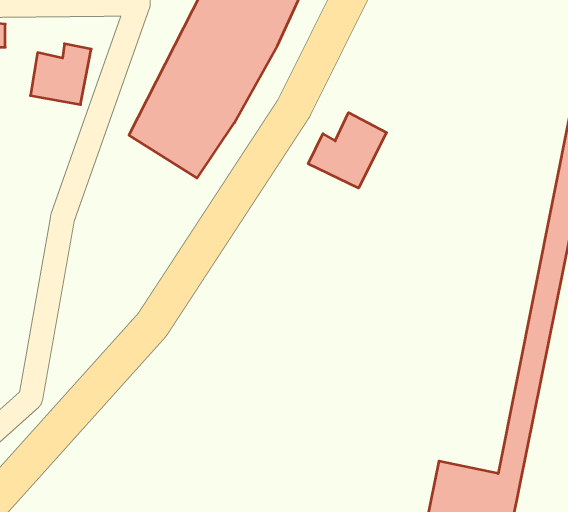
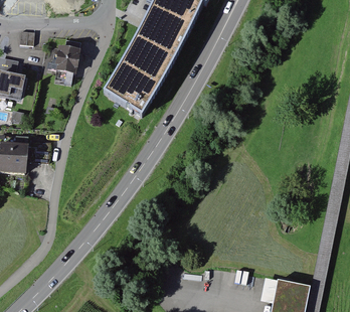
building: [308,113,387,188] -> none

